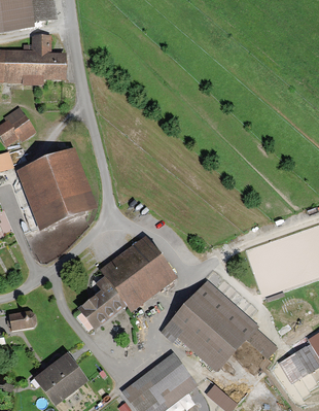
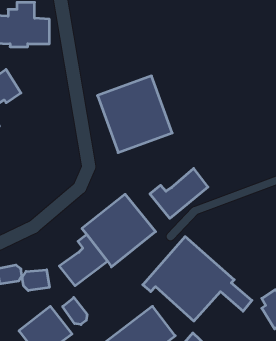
building: [17,148,96,229] -> [97,76,172,153]
building: none -> [150,168,208,218]
building: none -> [22,270,49,291]
building: none -> [63,297,87,325]

